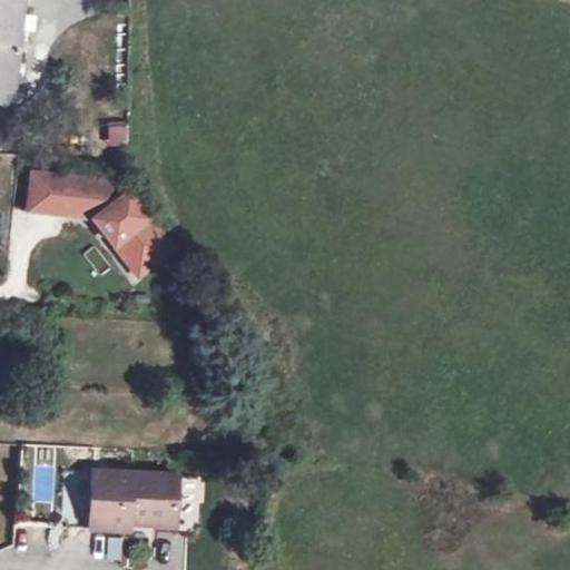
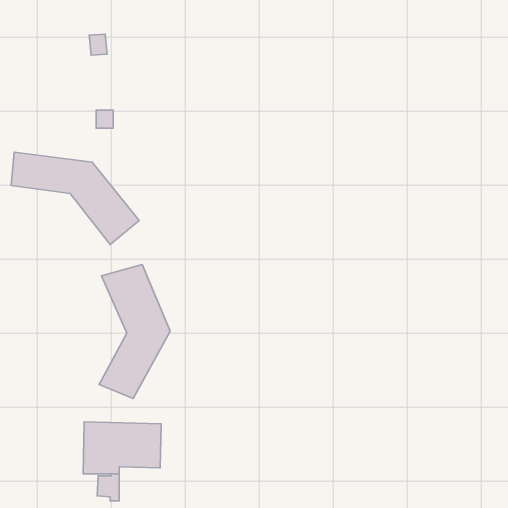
building: none -> [99,265,170,398]

